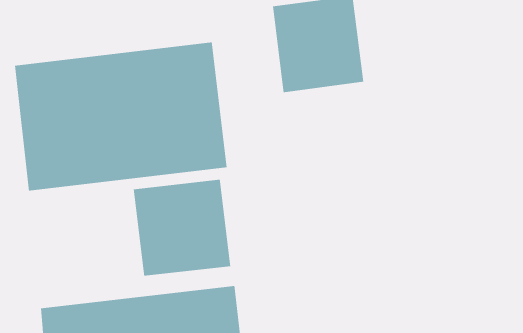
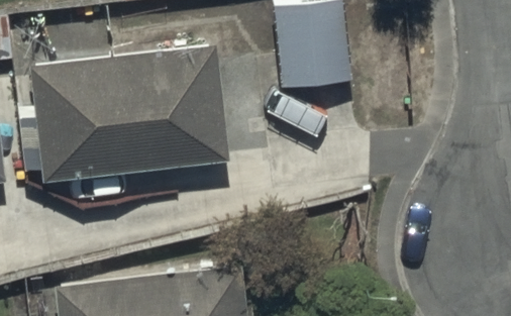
building: [133,179,231,277] -> none

